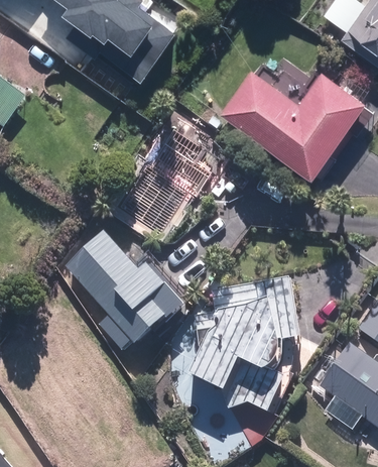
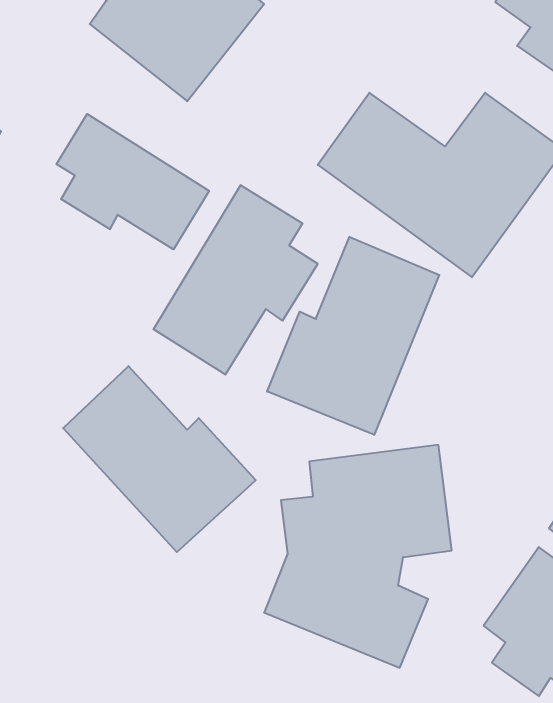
building: none -> [56,114,209,249]
building: none -> [267,237,439,435]

